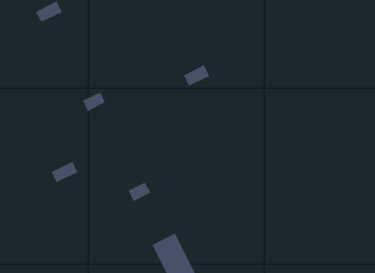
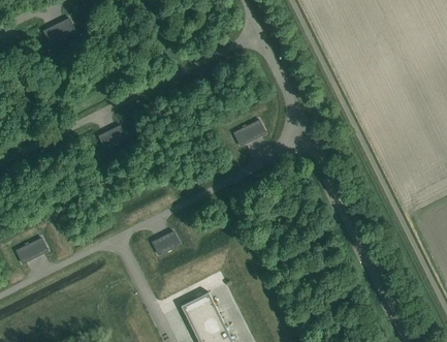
building: [183,65,210,87] -> [234,120,266,146]
building: [51,161,78,183] -> [17,238,49,263]

